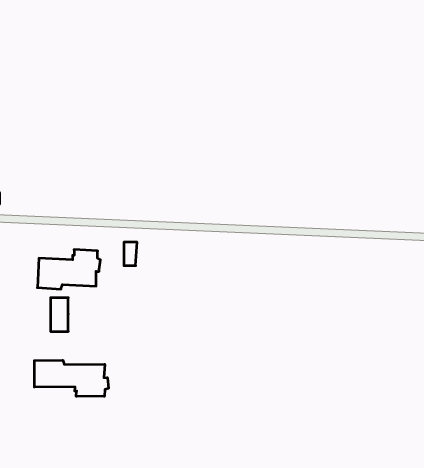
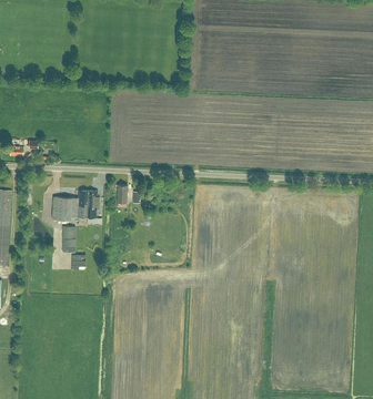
building: [34,360,108,396] -> none

